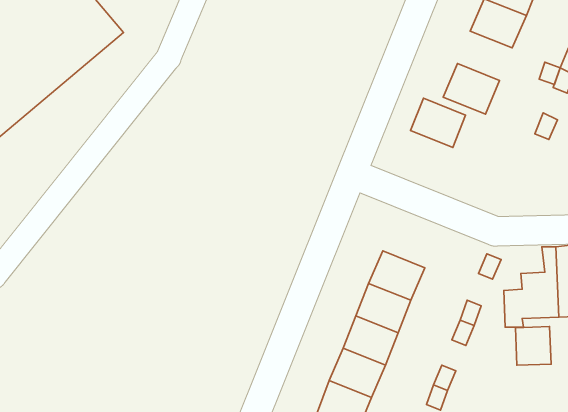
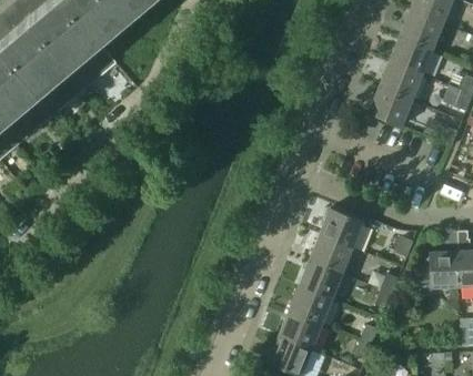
building: [411,98,466,147] -> [380,61,423,100]
building: none -> [321,207,364,247]
building: [515,327,551,365] -> none

